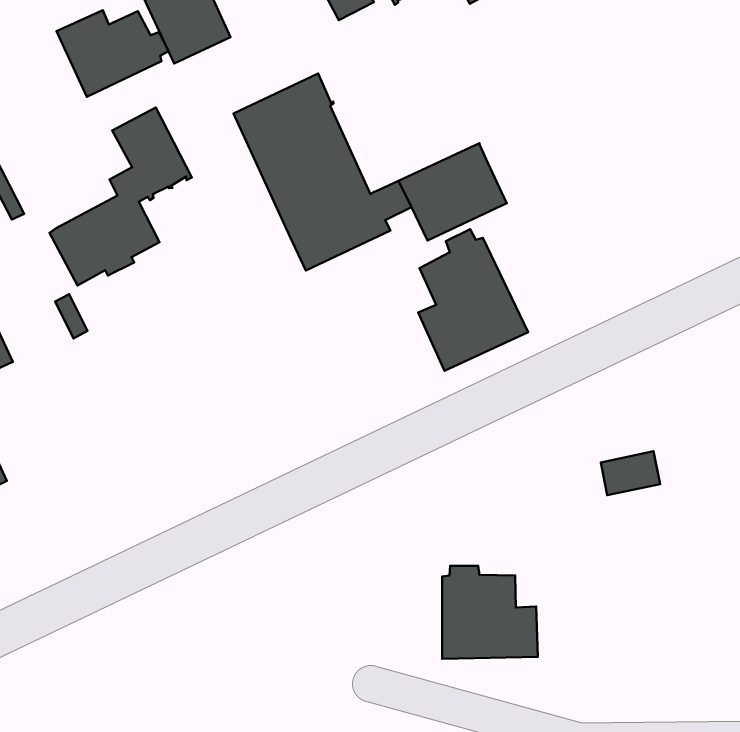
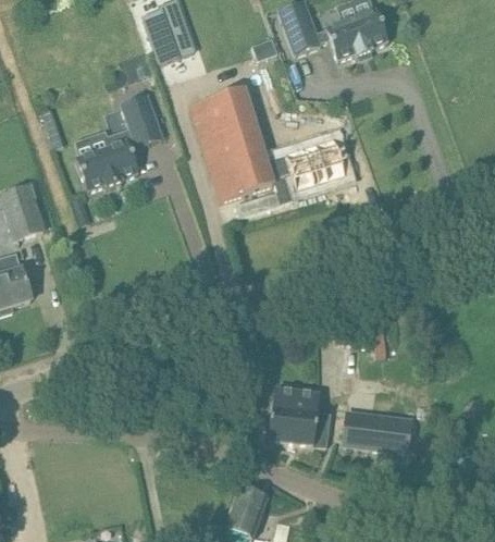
building: [57,10,168,97] -> none
building: [418,229,528,371] -> none
building: none -> [343,410,411,451]

